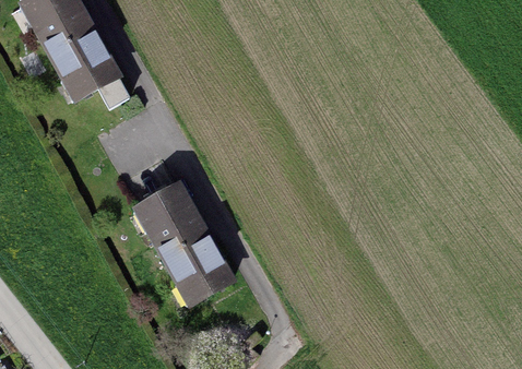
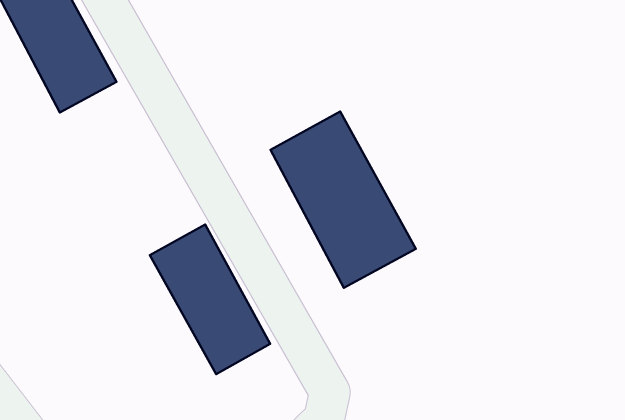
building: none -> [271,111,416,288]

